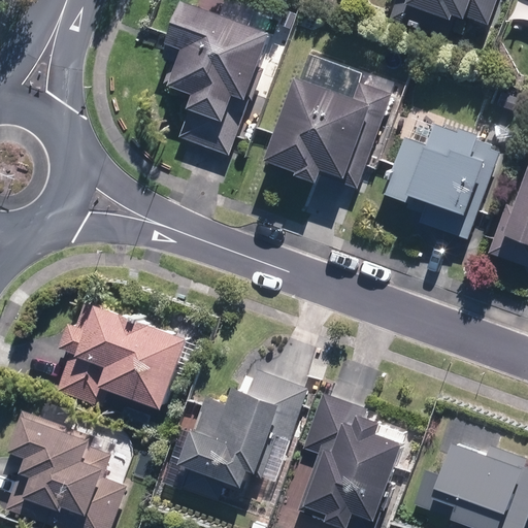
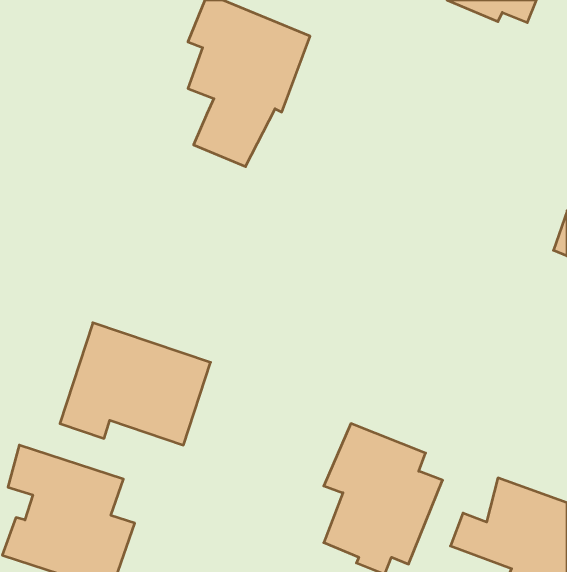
building: [263,56,400,186] -> none
building: [383,117,496,220] -> none
building: [183,368,305,486] -> none

